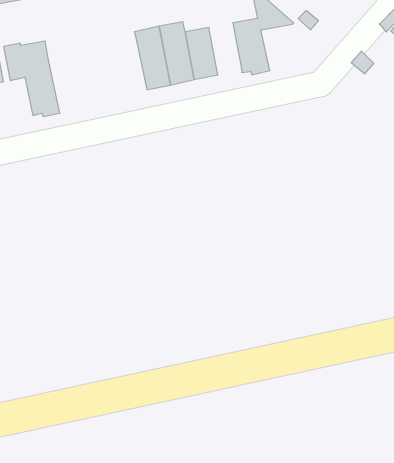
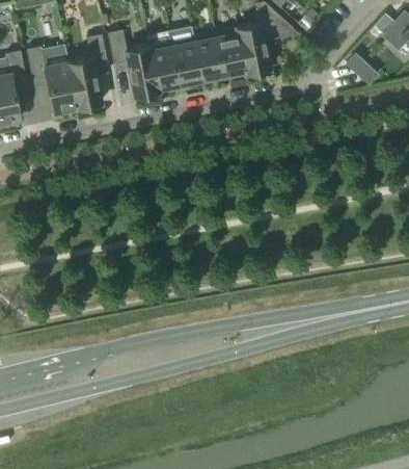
building: none -> [216,29,246,77]
building: none -> [108,31,160,101]
building: none -> [69,35,108,112]

